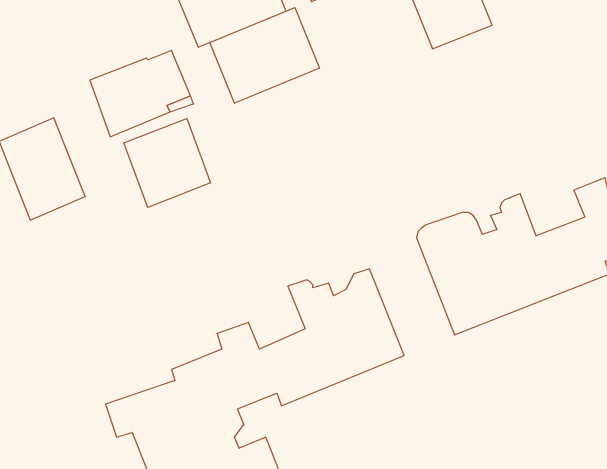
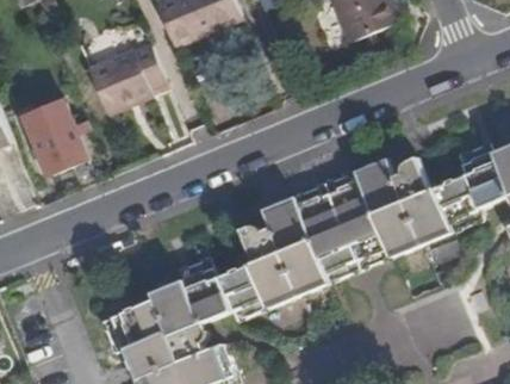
building: [210,8,319,103] -> none
building: [124,118,211,207] -> none
building: none -> [263,156,399,279]

